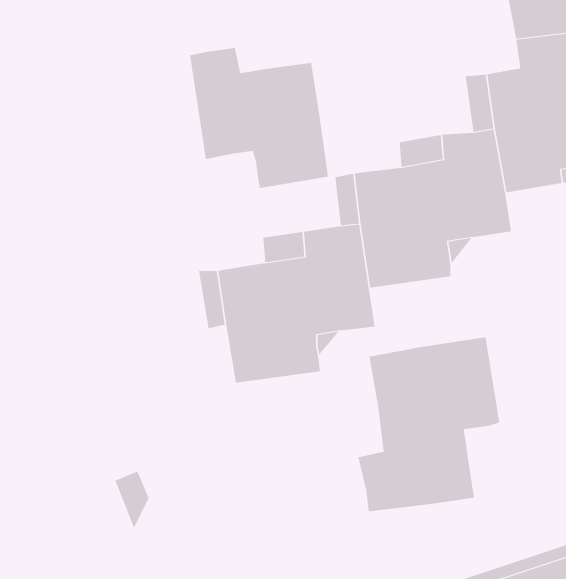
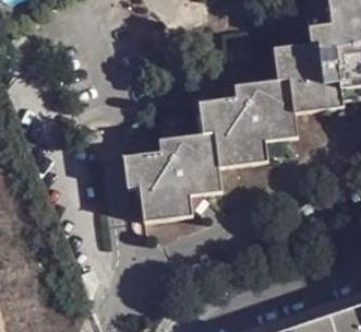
building: [190,47,329,189] -> none
building: [358,336,500,512] -> none

